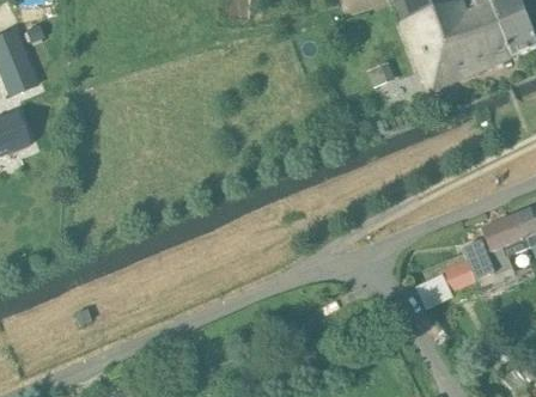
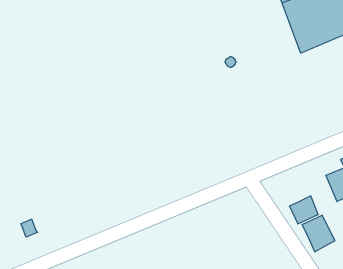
building: none -> [302,215,335,252]

